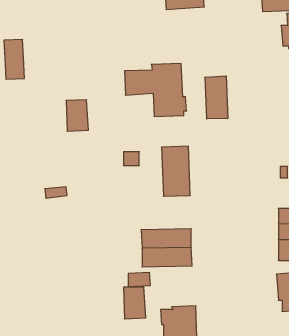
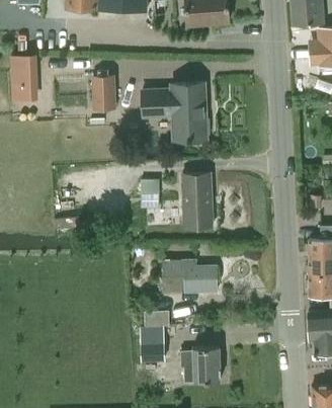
building: [205,76,228,119] -> none
building: [66,100,88,131] -> [92,75,116,109]

